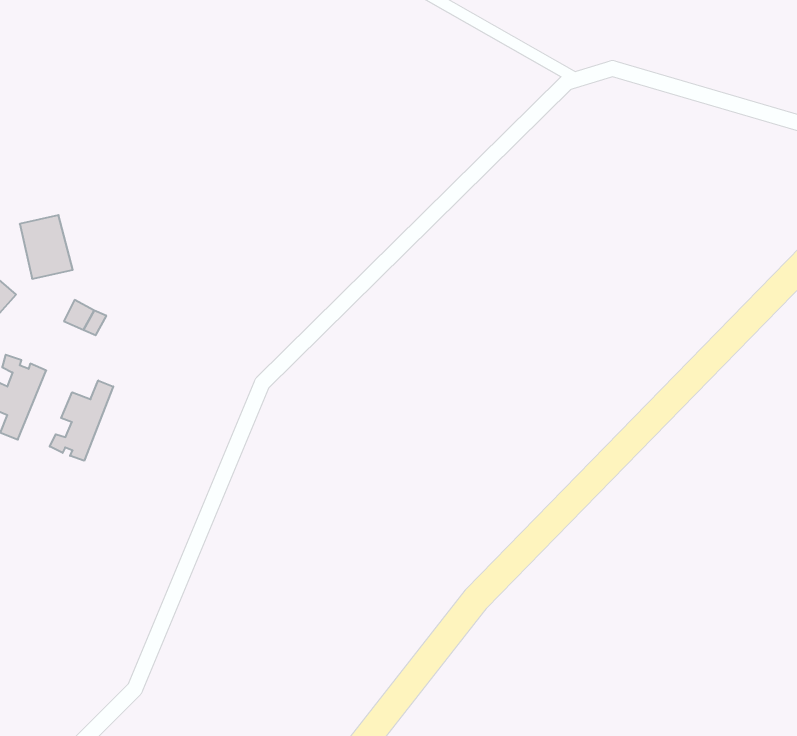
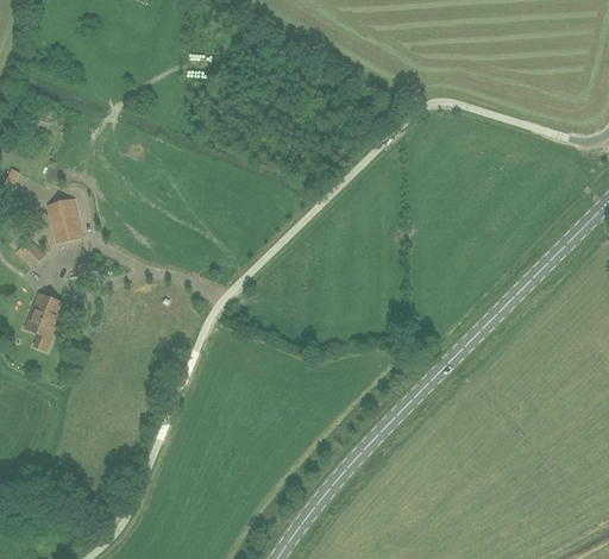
building: [50,380,113,461] -> none

